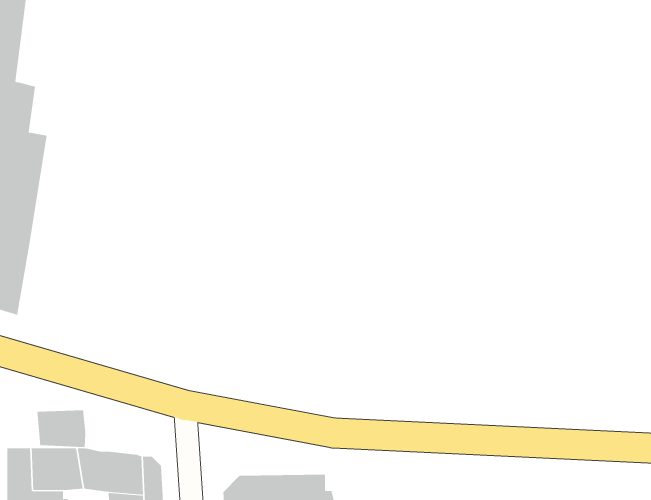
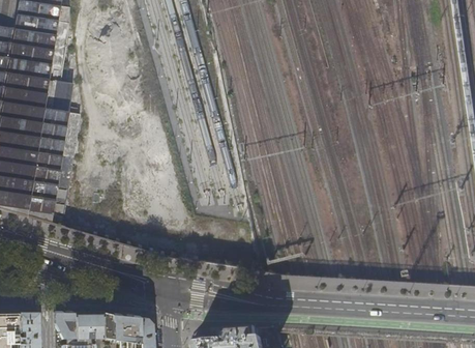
building: [37,409,86,448] -> none

